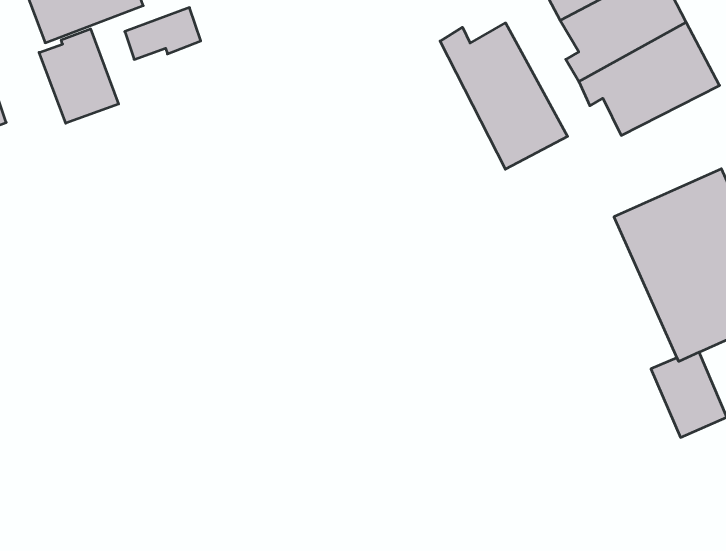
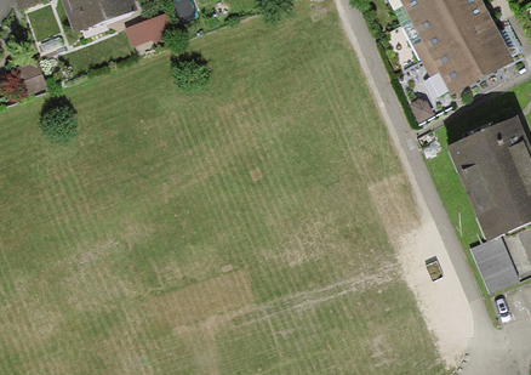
building: [440,23,568,169] -> none
building: [39,29,119,123] -> none

